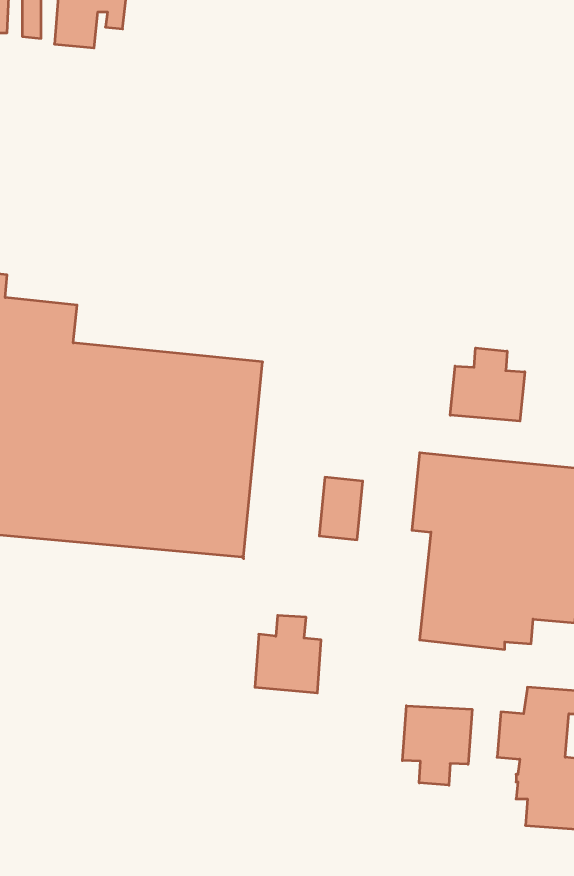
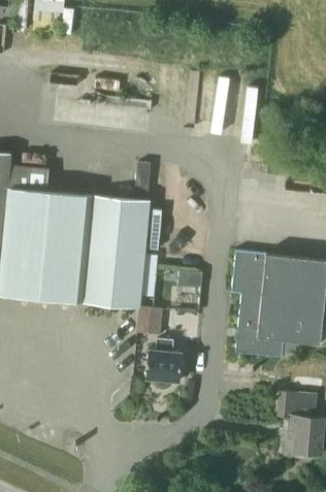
building: [450,348,525,421] -> none
building: none -> [135,308,161,336]
building: [402,706,472,785] -> none

